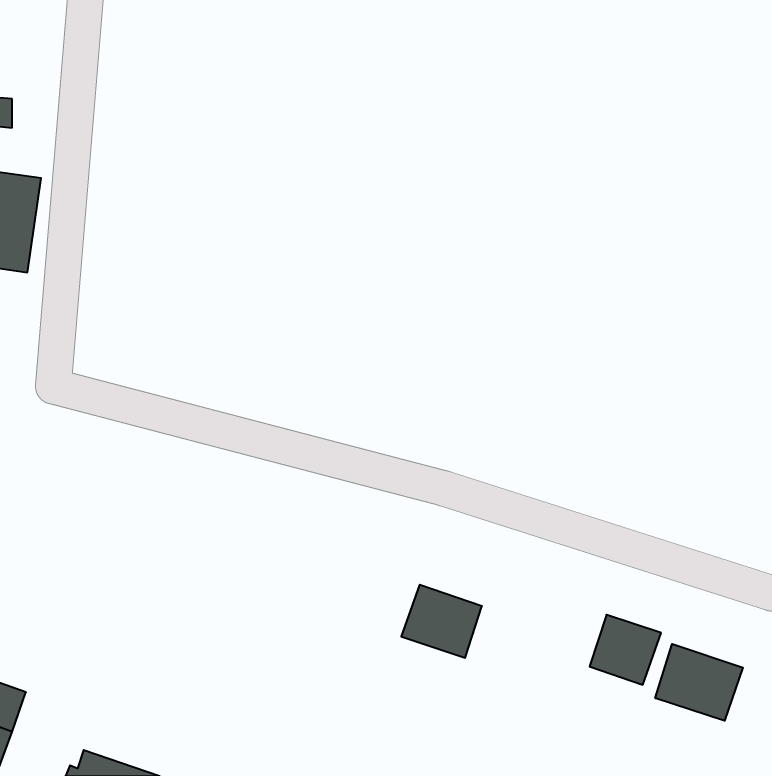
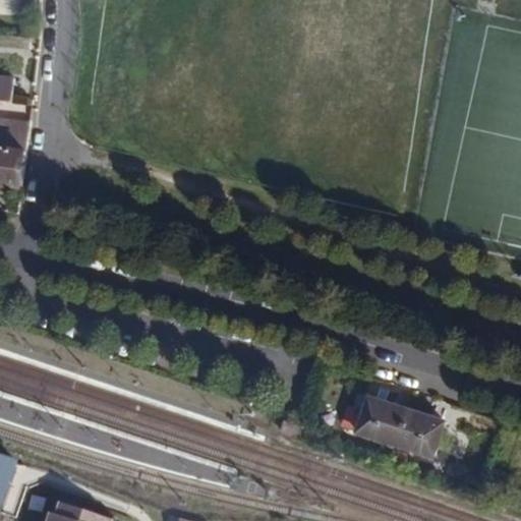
building: [401,585,482,658] -> [352,397,406,446]
building: [655,644,743,721] -> none

